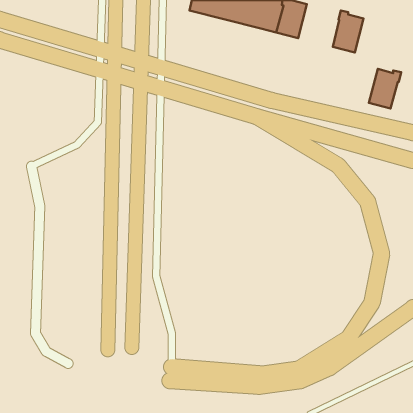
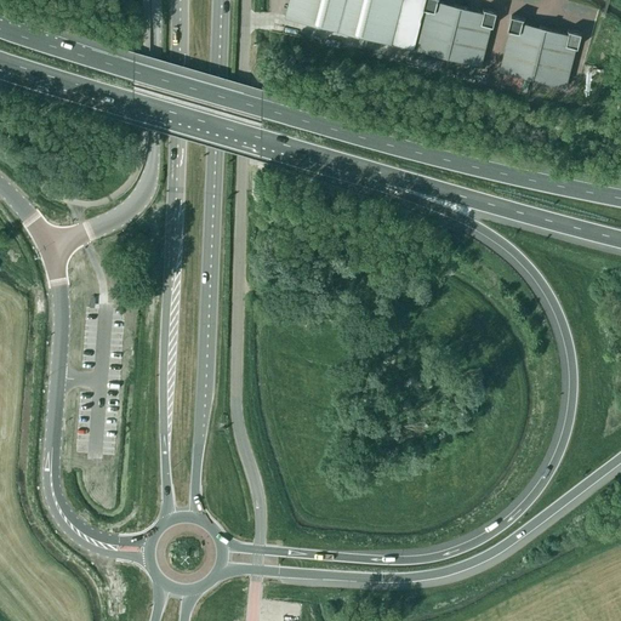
building: none -> [446,7,496,67]
building: [369,69,401,109] -> [531,29,580,89]

